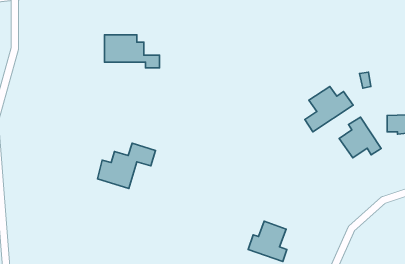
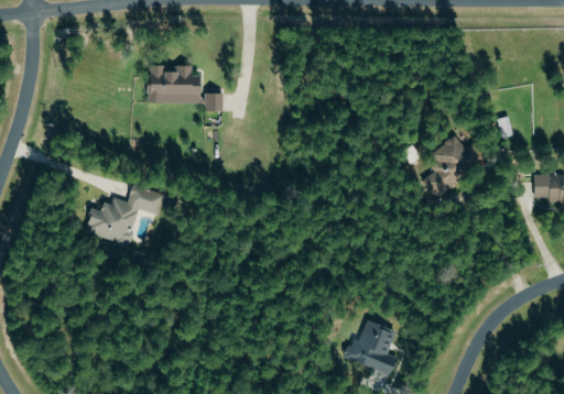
building: [339,117,381,158] -> none
building: [97,143,156,188] -> [85,185,164,247]

